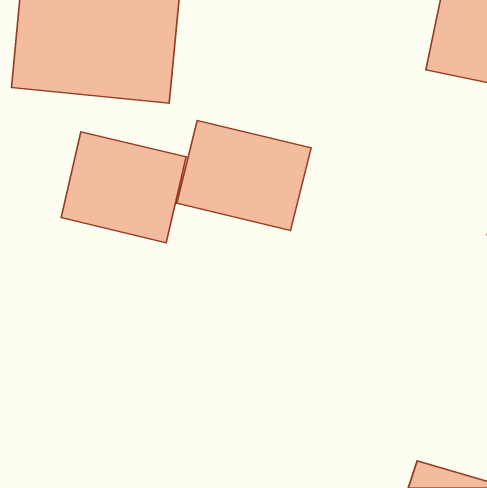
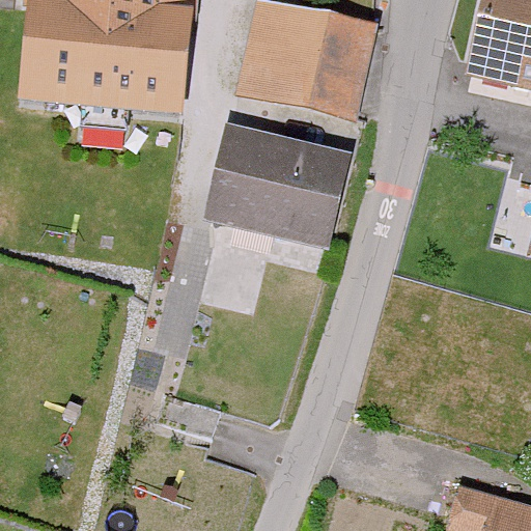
building: none -> [240,6,370,117]
building: [61,132,186,243] -> none

